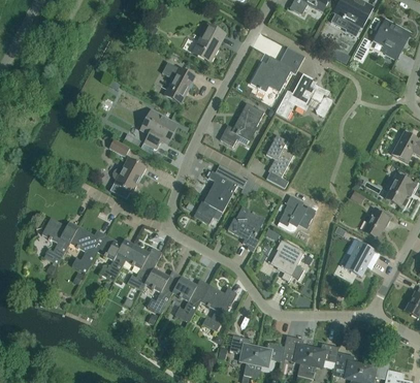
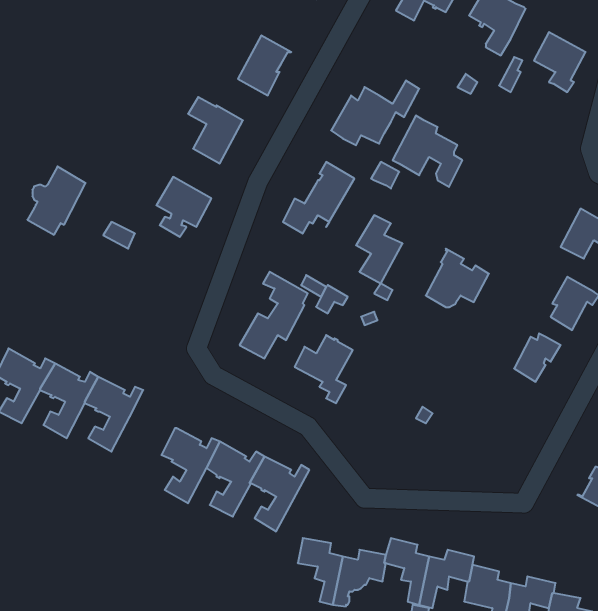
building: [109,157,146,199] -> [27,166,86,235]
building: [277,195,316,231] -> [426,249,489,307]
building: [267,241,303,282] -> none
building: [341,241,379,276] -> none
building: [125,244,161,290] -> none

